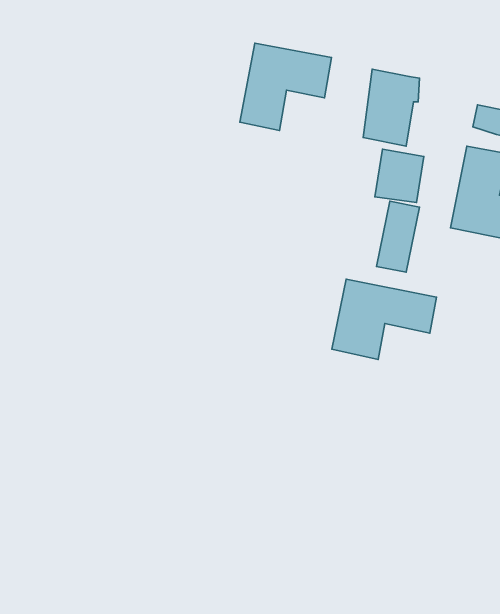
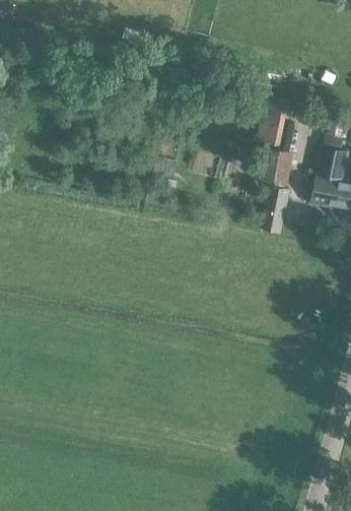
building: [240,43,332,130] -> none
building: [332,279,437,359] -> none

